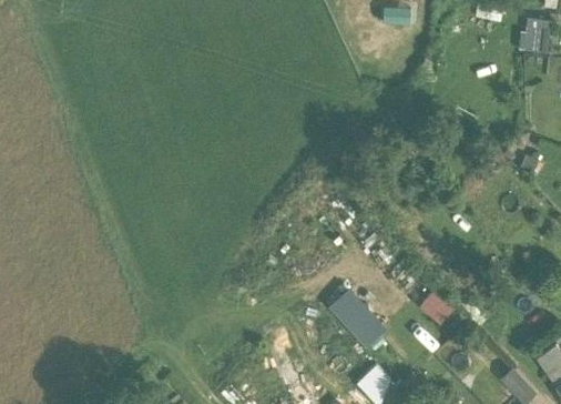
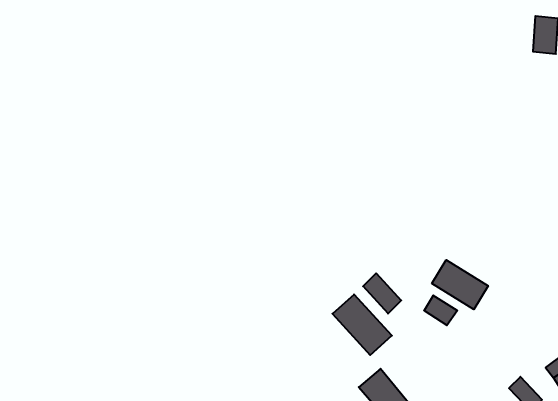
building: none -> [432,260,488,309]
building: none -> [363,273,401,314]

